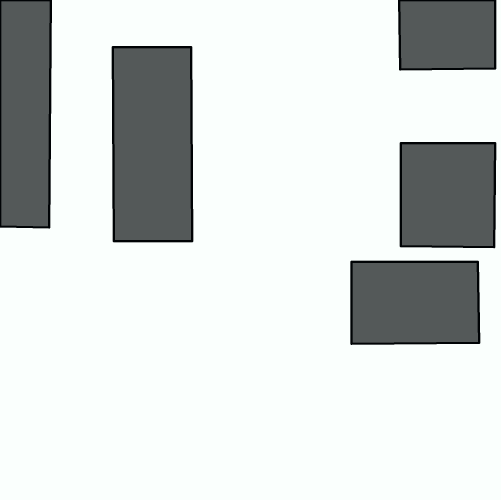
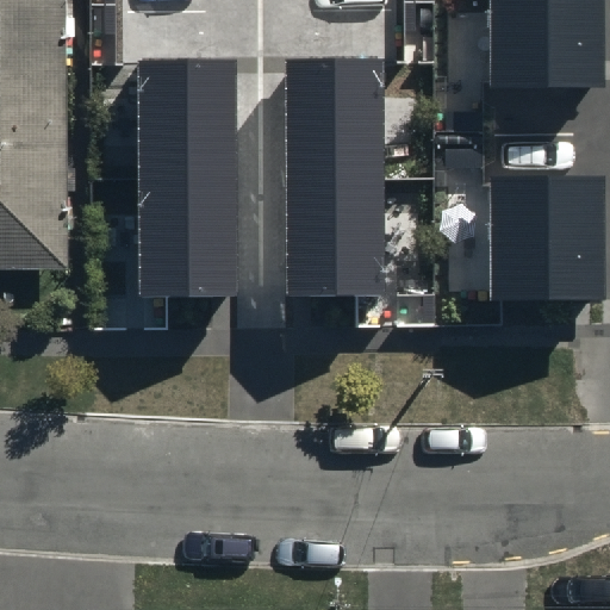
building: none -> [285,60,382,295]
building: [351,262,479,344] -> none

